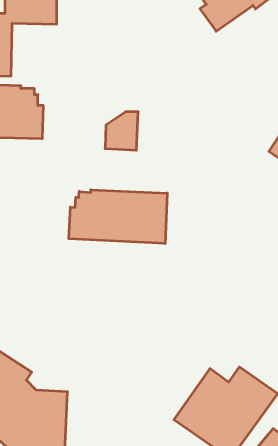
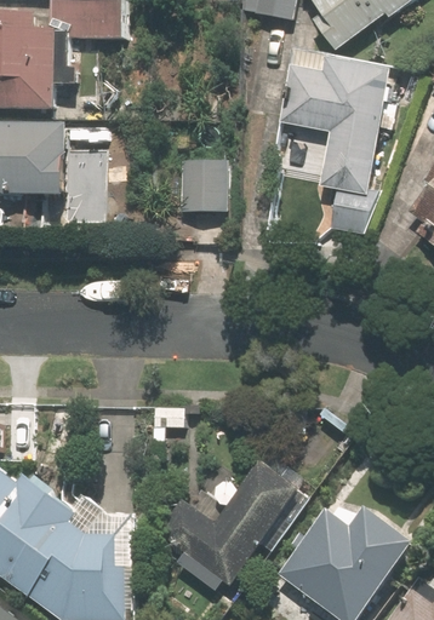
building: none -> [286,59,390,211]
building: [69,190,167,244] -> none
building: none -> [155,458,301,592]

